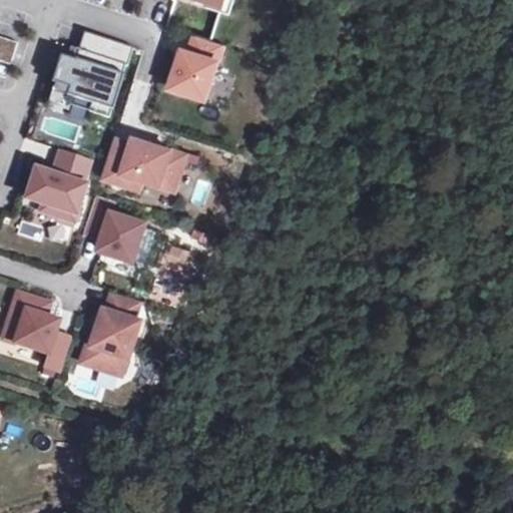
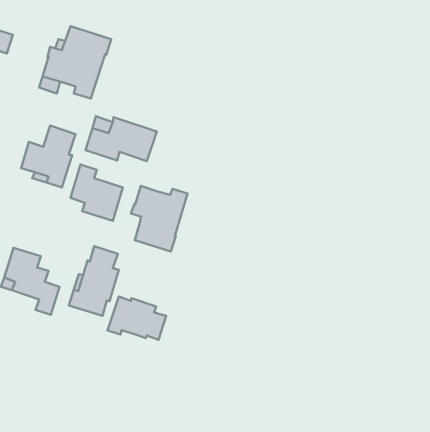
building: [170,35,222,100] -> none
building: none -> [131,186,187,251]
building: none -> [108,296,166,340]

